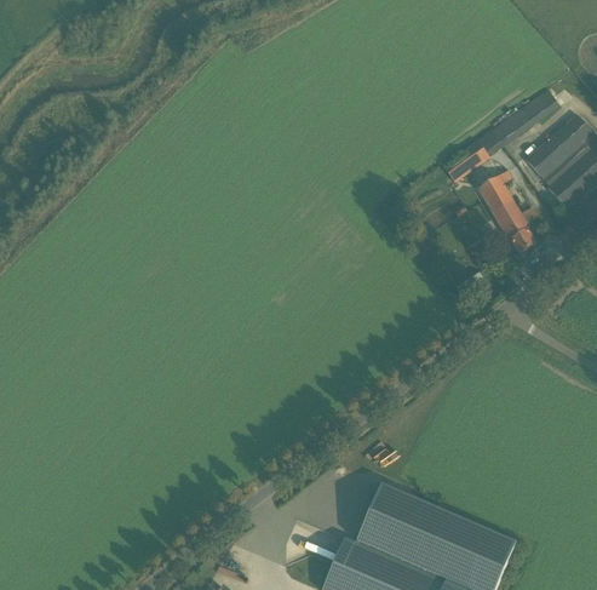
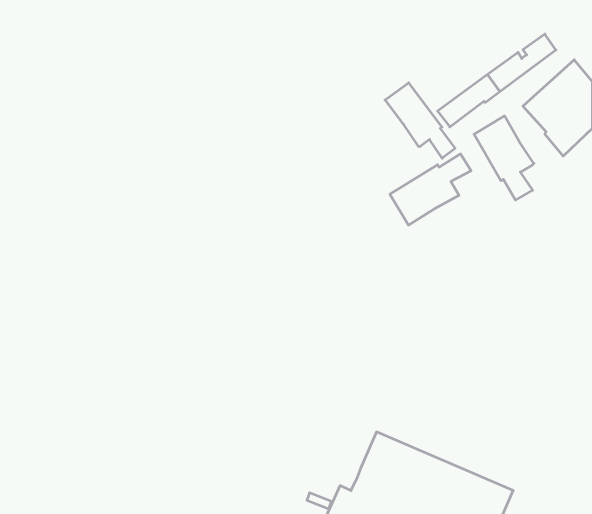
building: none -> [385,83,455,158]
building: none -> [390,154,471,225]

